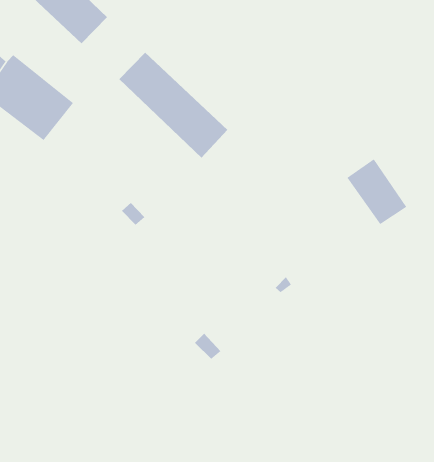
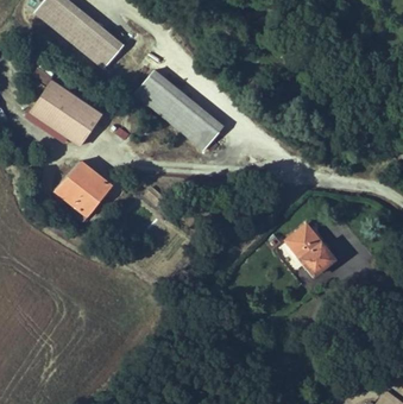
building: [347,159,407,225] -> [285,223,334,274]
building: none -> [55,160,111,221]

